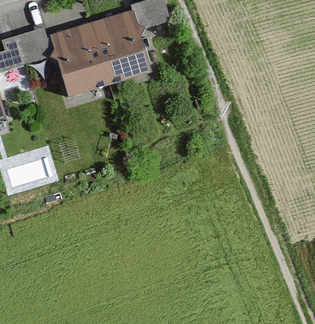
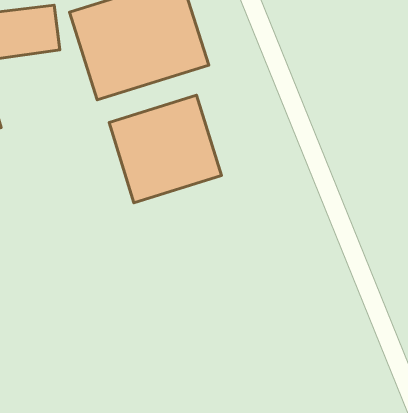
building: none -> [109,95,221,203]

